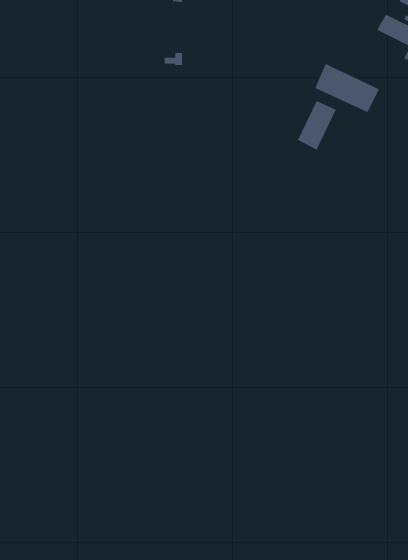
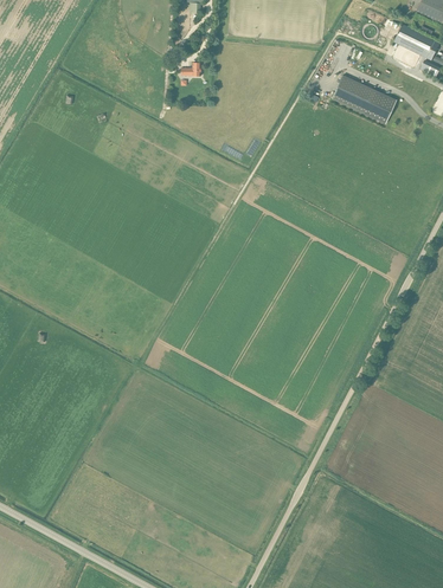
building: [297,100,336,151] -> none

